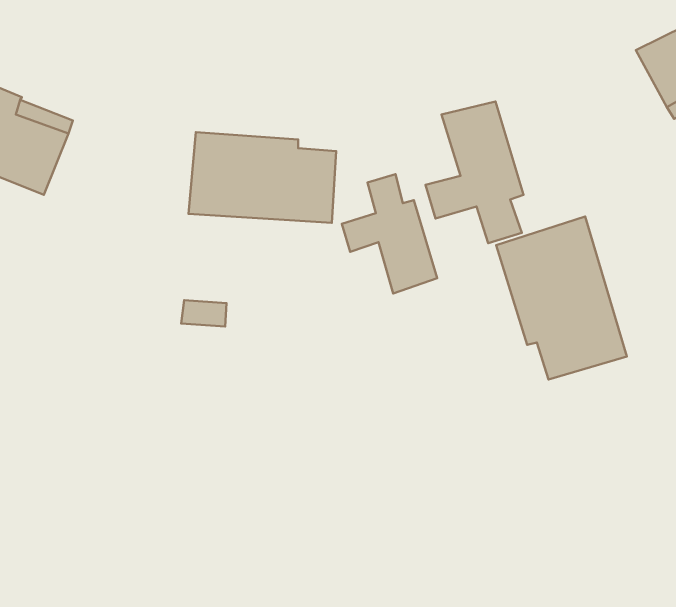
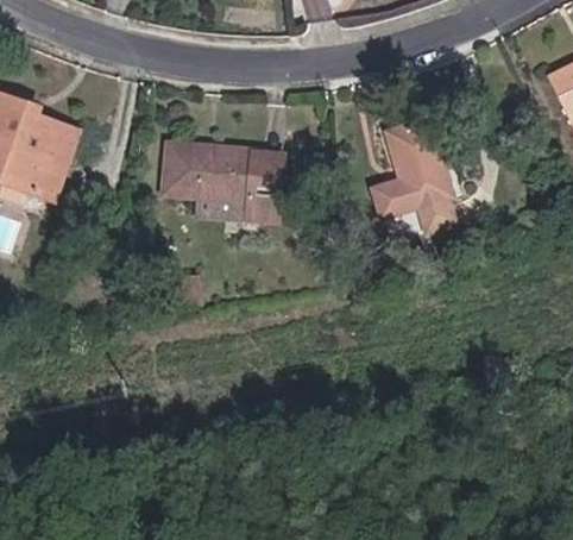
building: [342,174,437,294] -> none
building: [496,216,627,380] -> none

